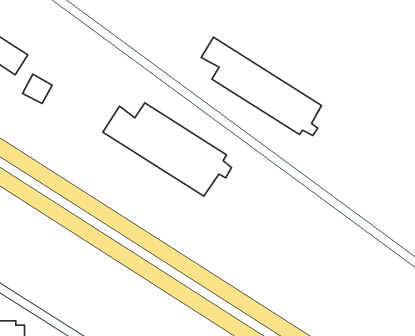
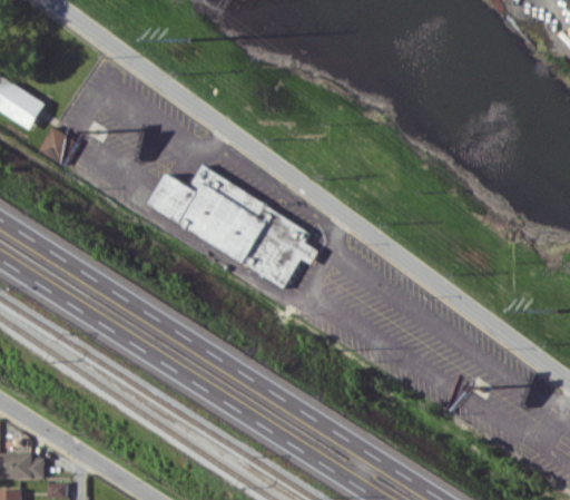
building: [201,37,321,135] -> none

